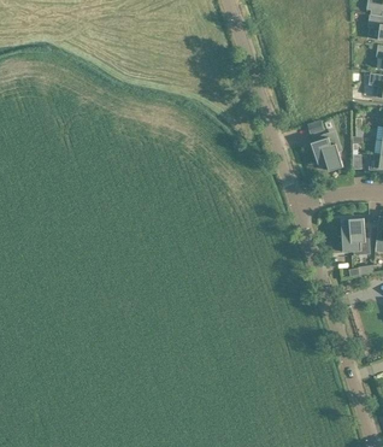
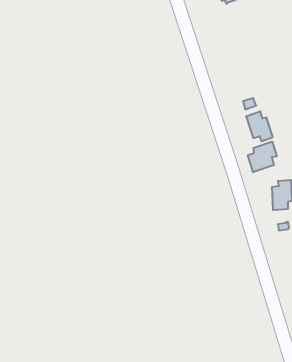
building: none -> [248,142,277,172]

